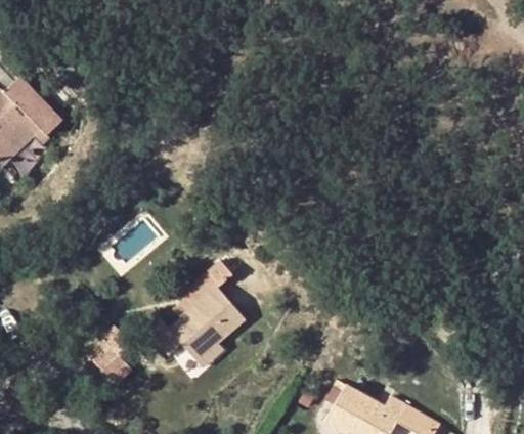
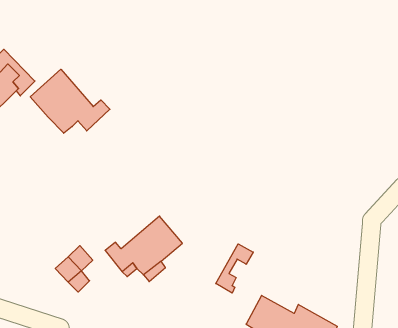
building: none -> [30,69,110,133]
building: none -> [216,244,253,293]

